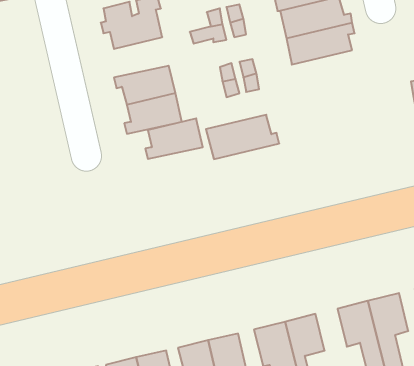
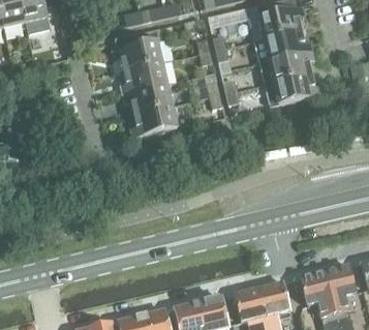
building: [206,115,279,159] -> [264,70,321,106]
building: [145,118,203,159] -> [121,60,166,92]

